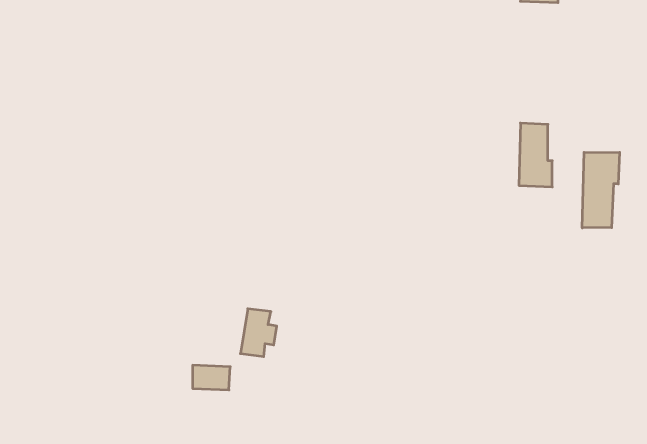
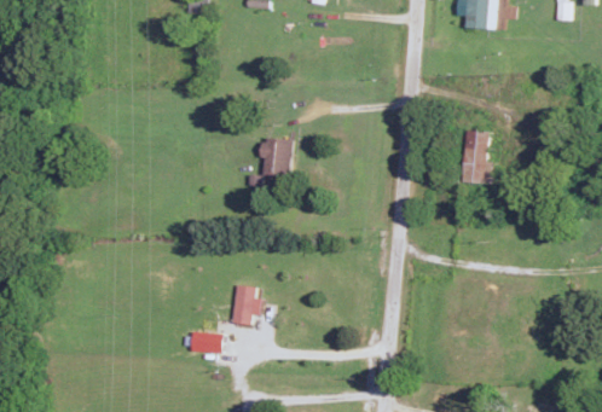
building: none -> [261,138,290,176]
building: [582,152,620,228] -> none

